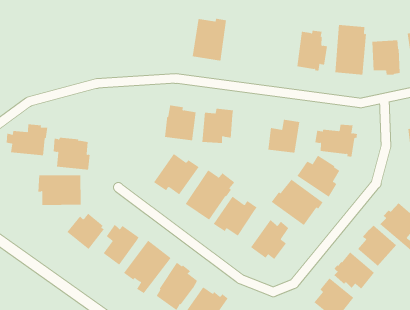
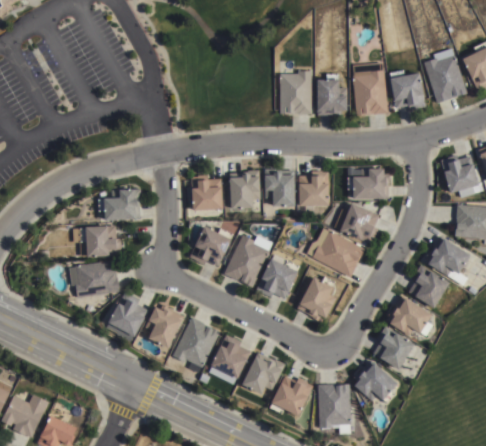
building: [192,18,227,61] -> [279,70,310,113]
building: none -> [264,170,295,205]
building: [6,124,48,156] -> [97,187,139,220]

